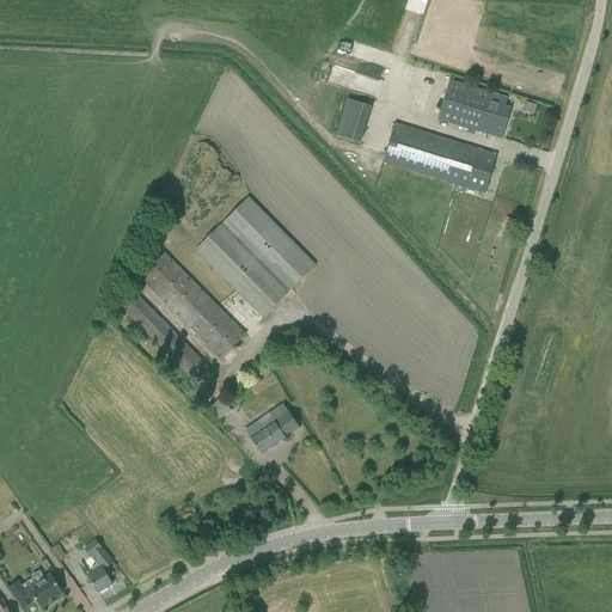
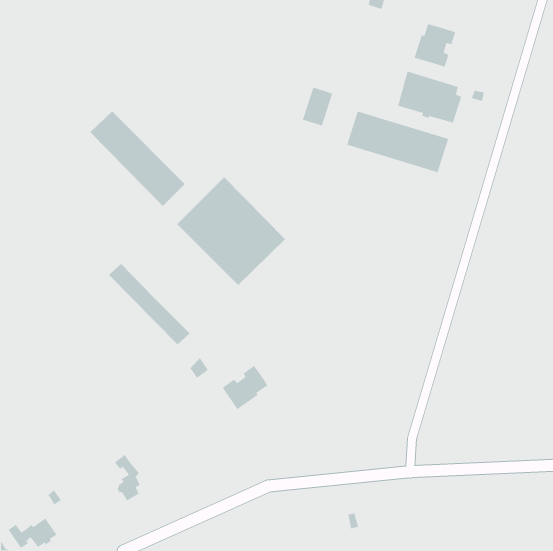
building: none -> [414,23,456,67]
building: [139,251,245,357] -> [89,111,186,207]
building: [84,538,114,590] -> [114,454,141,501]

